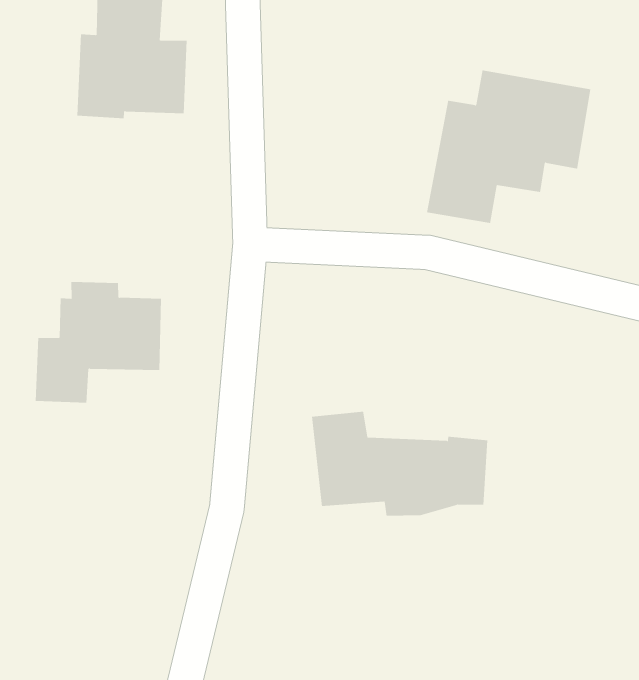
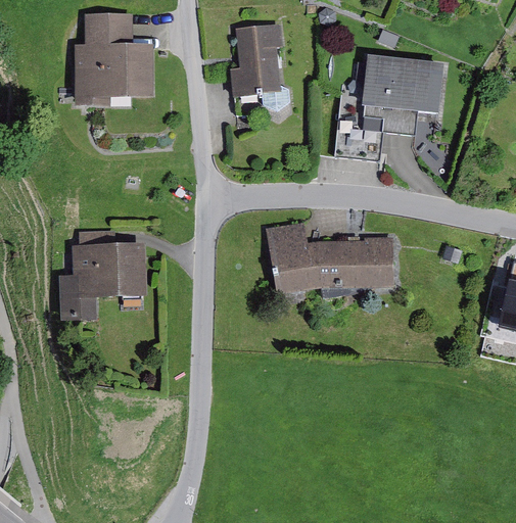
building: none -> [229,23,291,113]
building: [311,411,488,516] -> [266,219,394,293]

